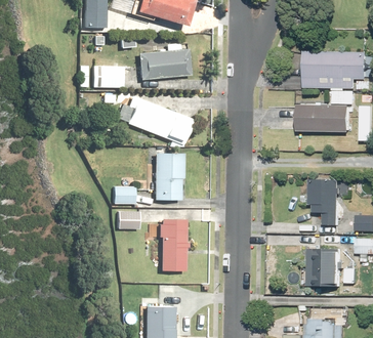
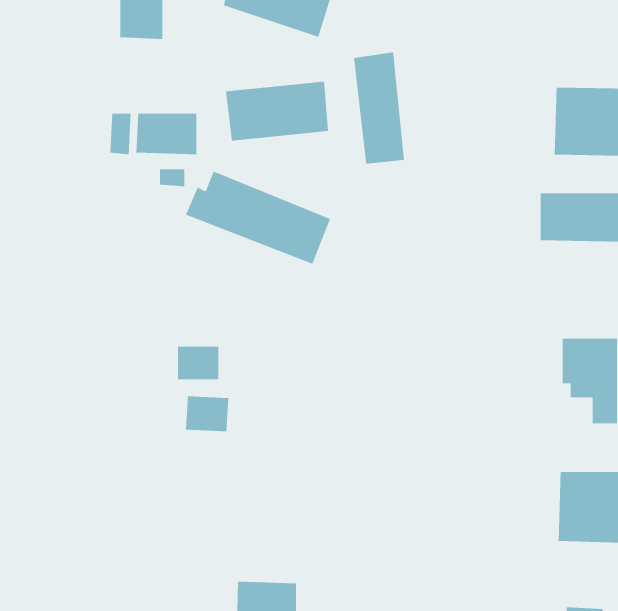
building: none -> [354,51,405,164]
building: [151,152,182,200] -> none
building: [157,219,184,268] -> none

